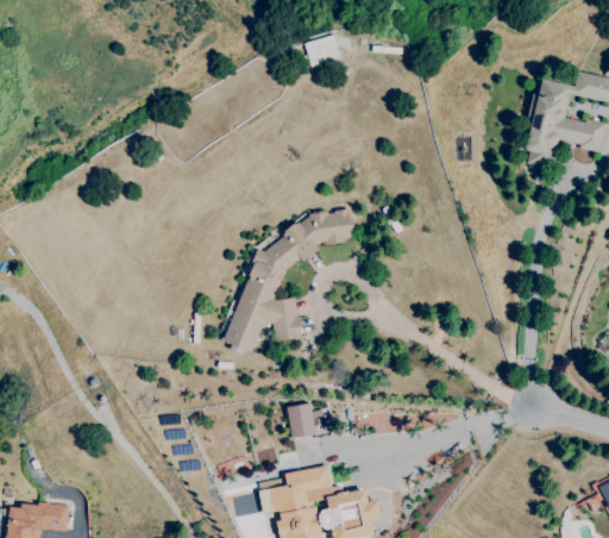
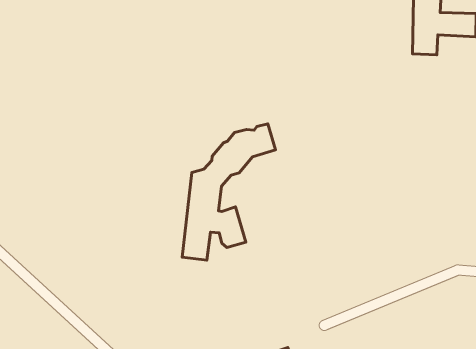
building: [285,400,326,438] -> none

